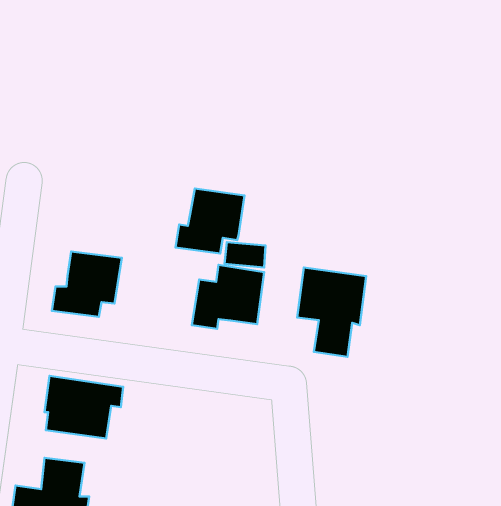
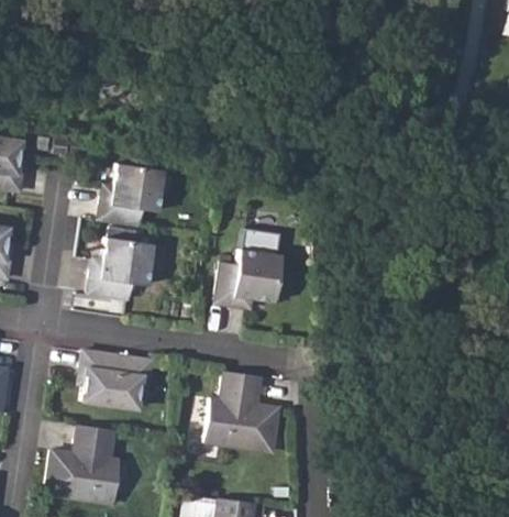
building: [176,188,244,254] -> [98,165,161,224]
building: [297,267,366,357] -> none
building: none -> [206,371,280,451]

